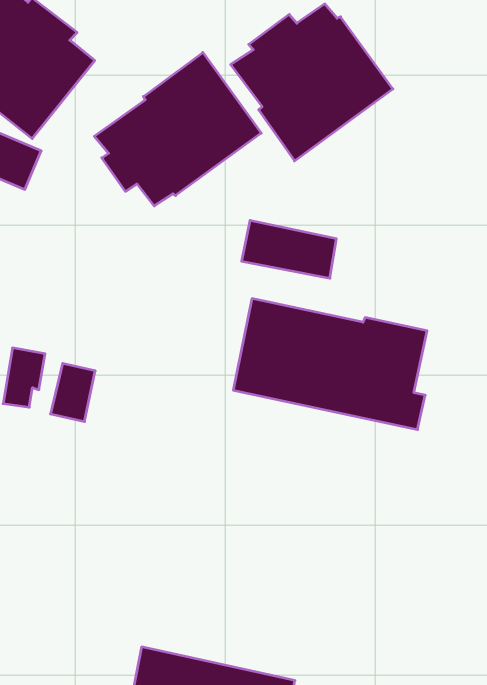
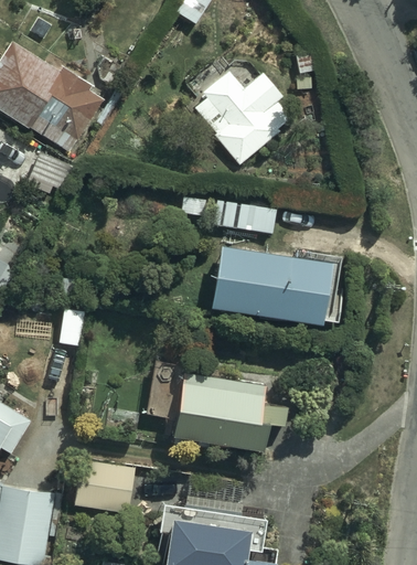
building: [94,52,261,206] -> none
building: none -> [147,354,289,444]
building: none -> [76,460,135,510]

